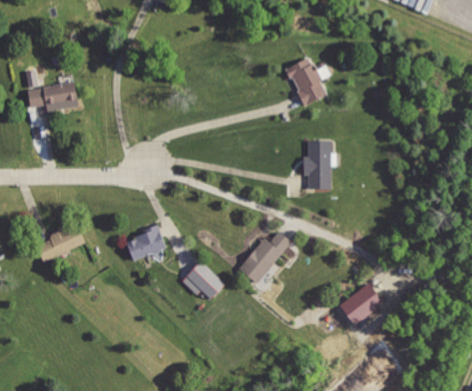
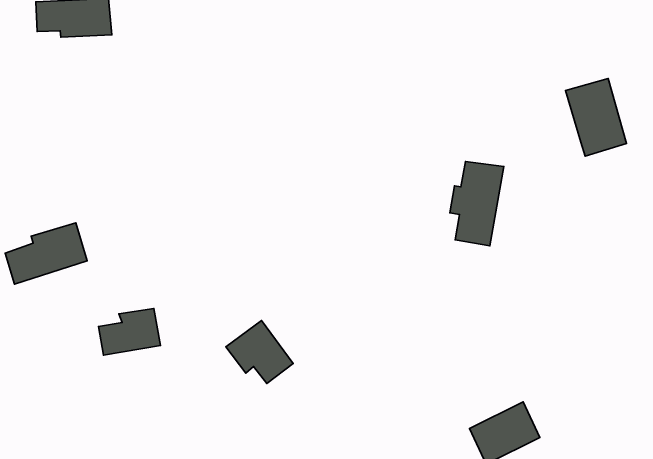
building: [286,56,329,106] -> [565,78,626,156]
building: [126,224,166,258] -> [99,308,161,355]
building: [237,231,293,286] -> none

